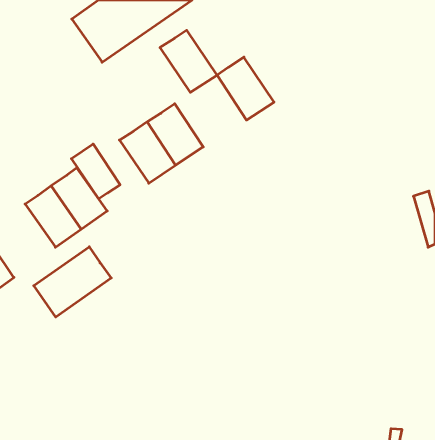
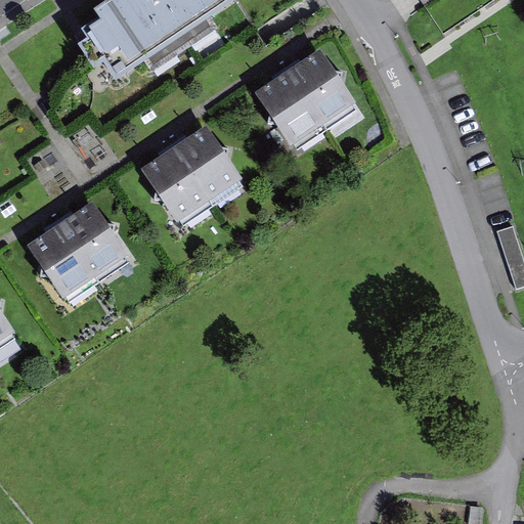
building: [160,30,217,92] -> [289,49,356,123]
building: [71,144,120,199] -> none
building: [34,247,111,317] -> none

